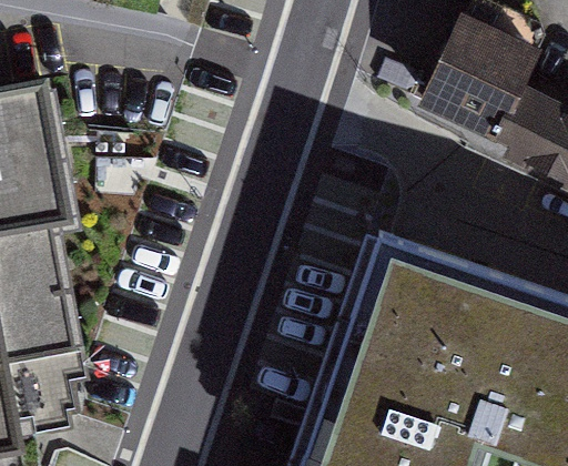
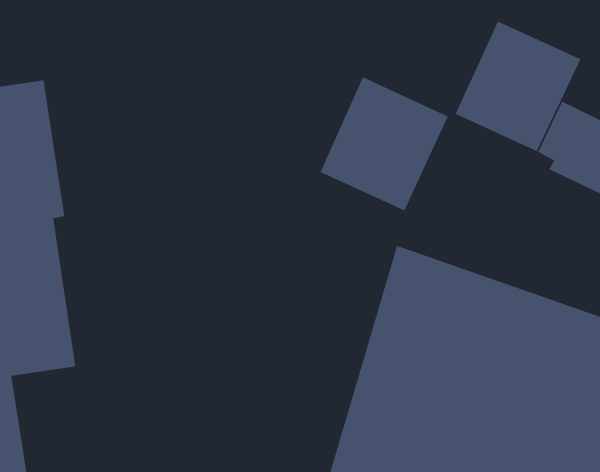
building: none -> [320,76,449,212]

